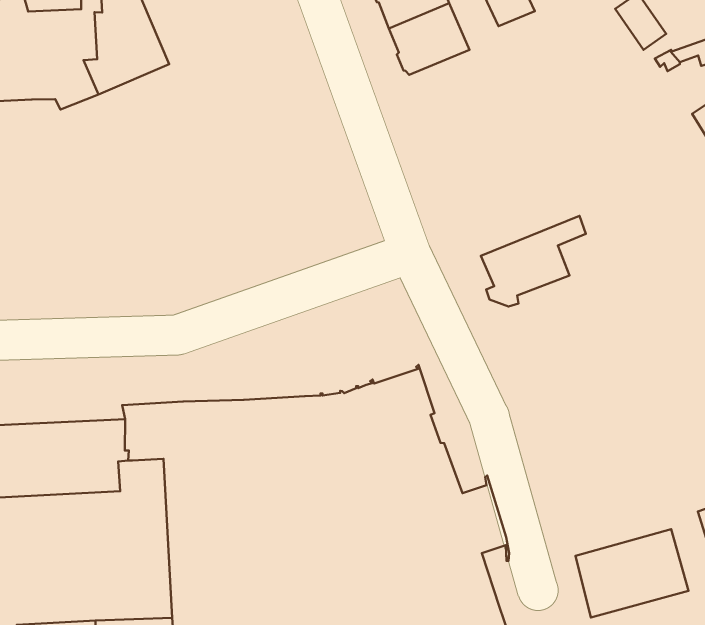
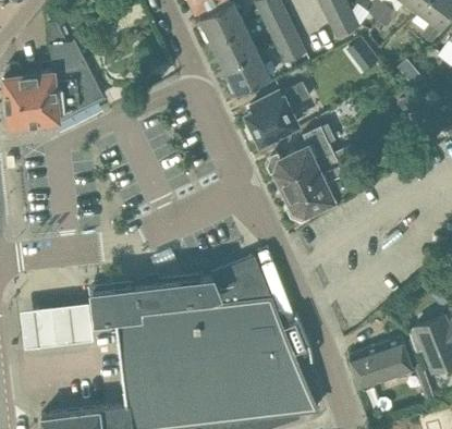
building: none -> [247,83,309,144]
building: none -> [267,131,354,194]

